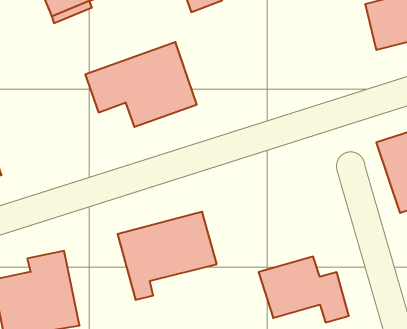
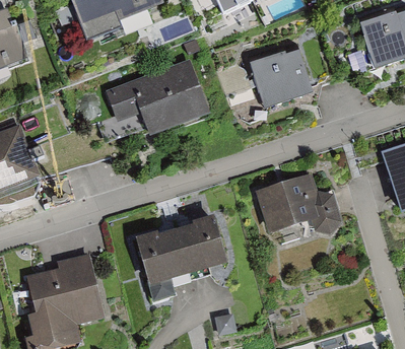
building: none -> [251,51,316,111]
building: [259,257,349,322] -> [259,173,341,233]

